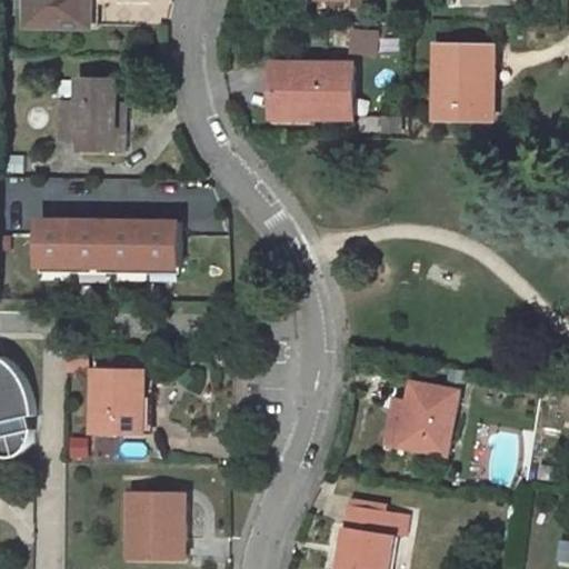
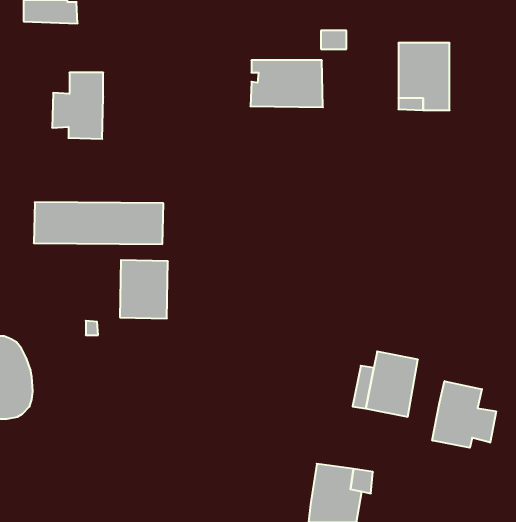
building: [90,370,142,433] -> [120,260,168,318]
building: none -> [432,381,496,448]
building: [127,492,181,559] -> none

